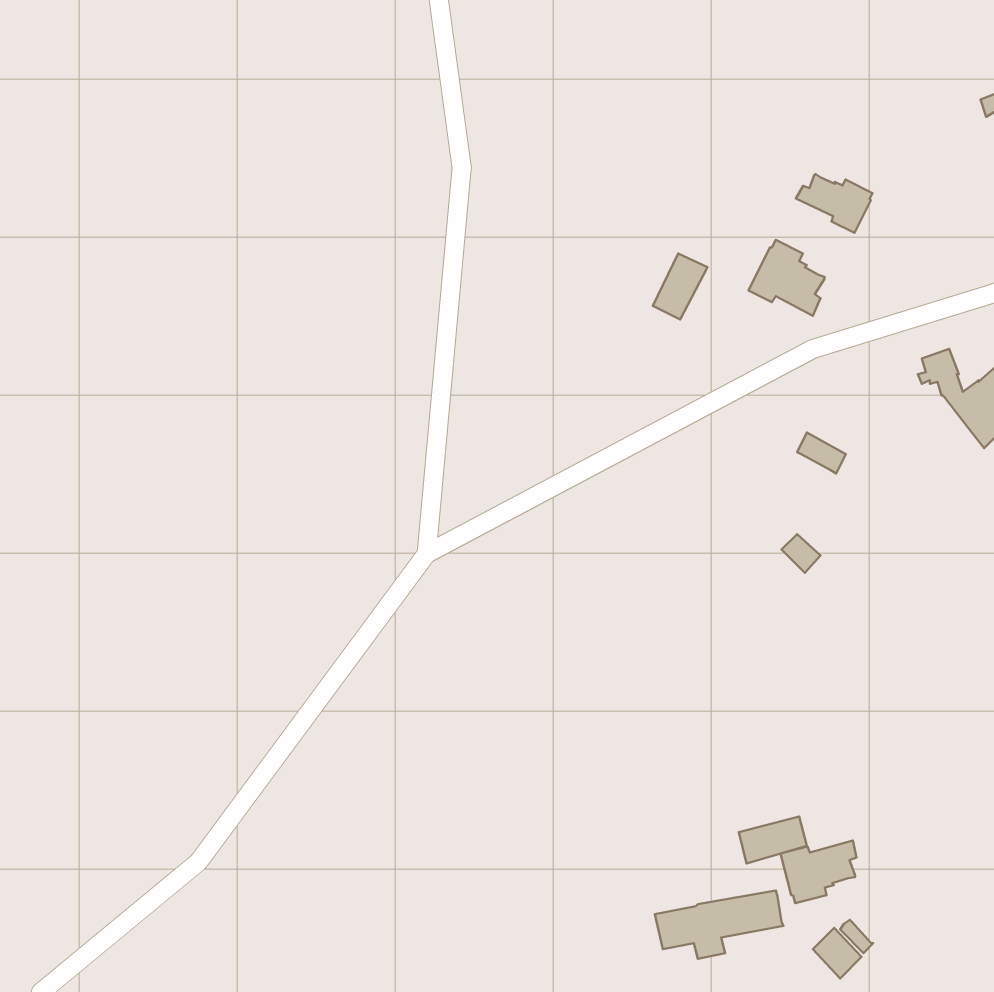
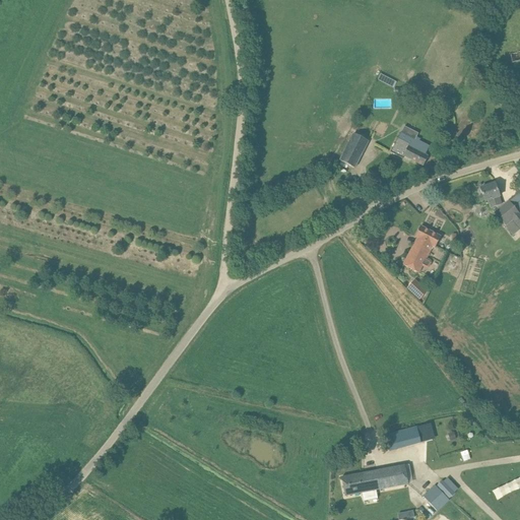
building: [796,174,872,233] -> none
building: none -> [404,237,434,271]
building: [780,840,856,903] -> none

